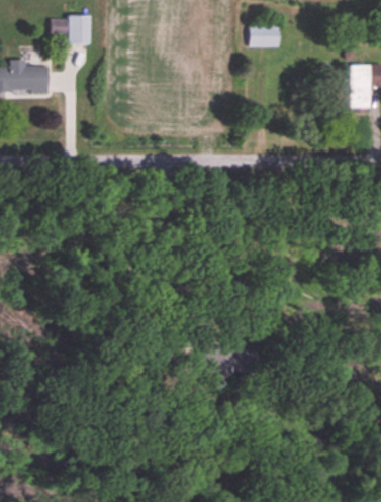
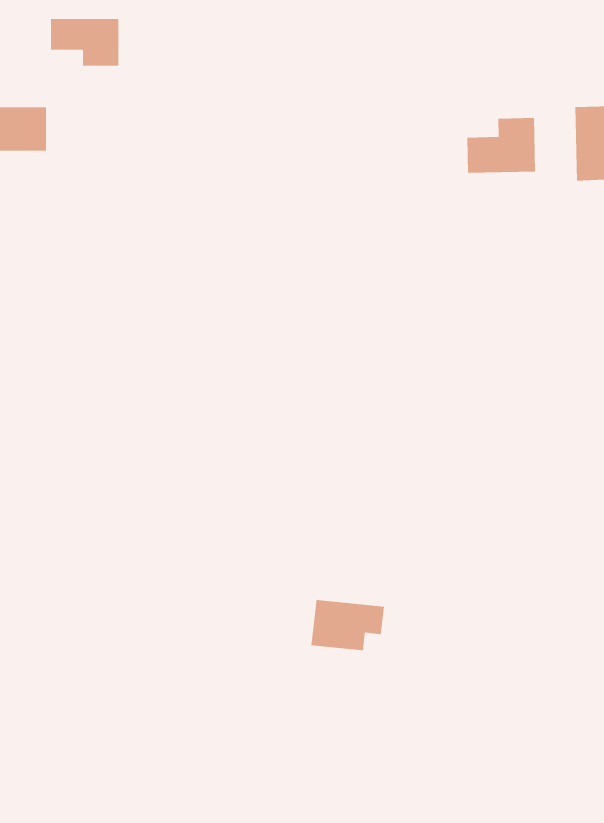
building: [249,24,279,46] -> none
building: none -> [467,117,536,174]

